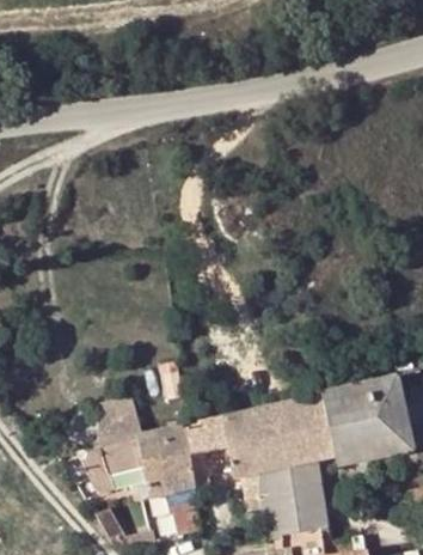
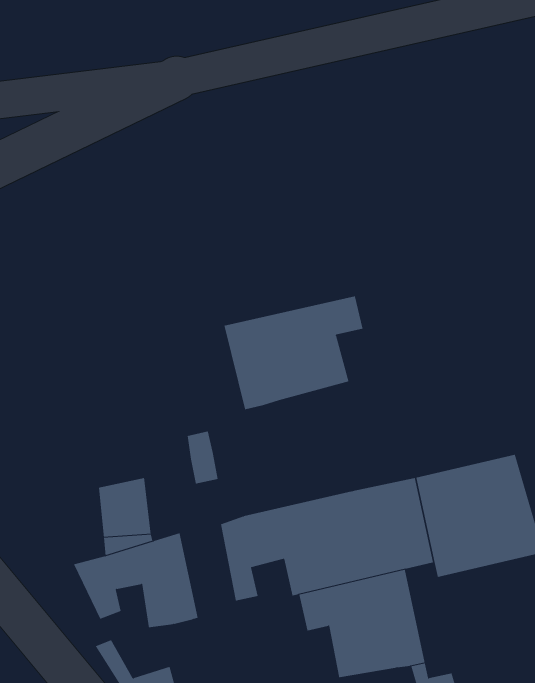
building: none -> [224,295,363,410]
building: [157,427,204,536] -> none

